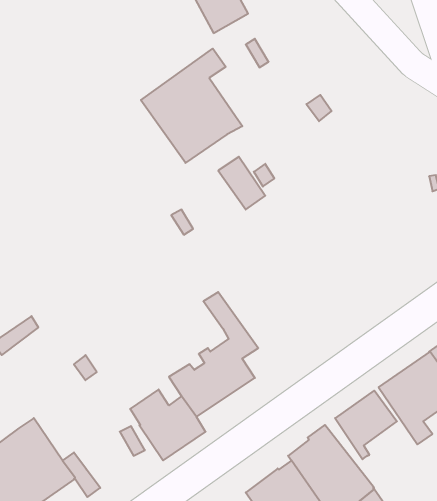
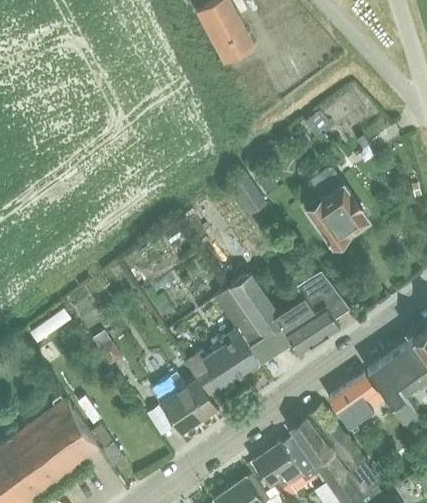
building: [141,49,242,163] -> none
building: none -> [303,169,368,248]
building: none -> [227,272,348,364]

